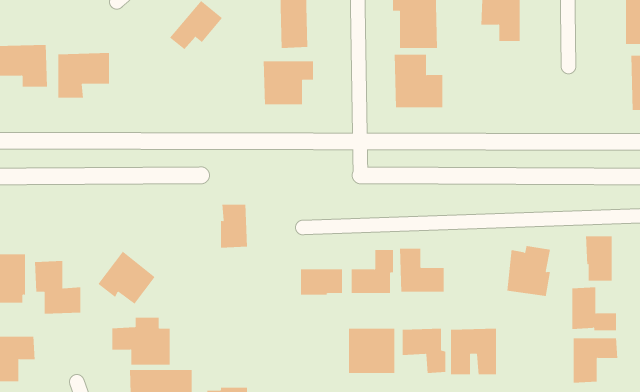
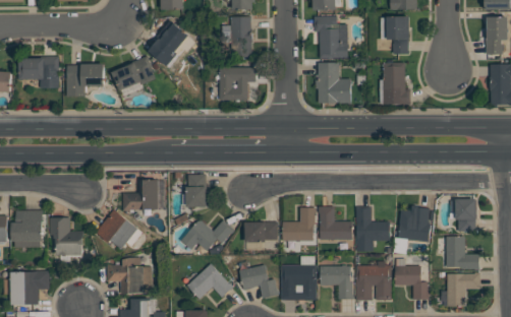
building: none -> [111,55,156,90]
building: none -> [379,62,410,104]
building: none -> [122,179,159,209]
building: none -> [356,205,390,251]
building: none -> [180,218,234,250]
building: none -> [186,263,233,299]
building: none -> [239,264,279,298]
building: none -> [394,266,427,299]

